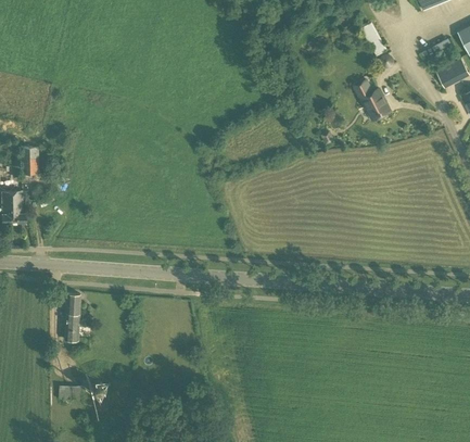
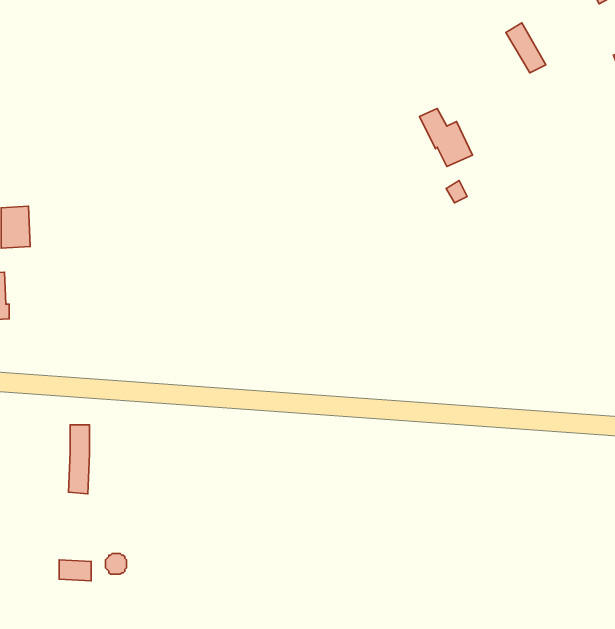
building: [353,79,389,118] -> [420,109,473,166]

